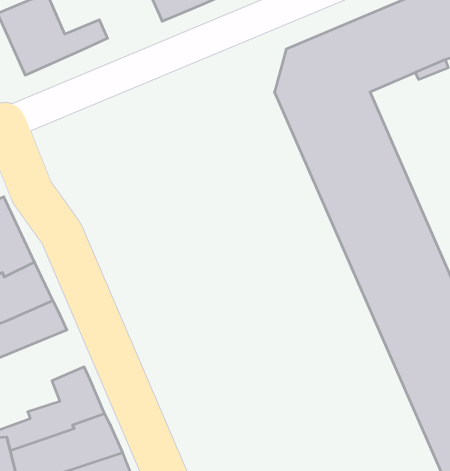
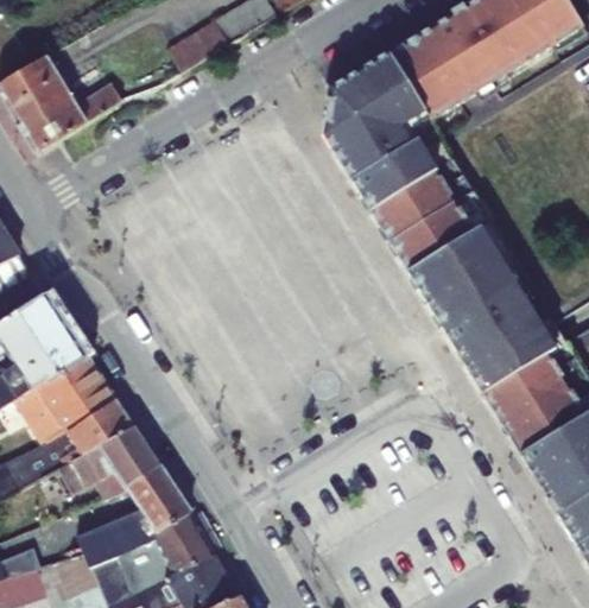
building: none -> [69,424,156,494]

